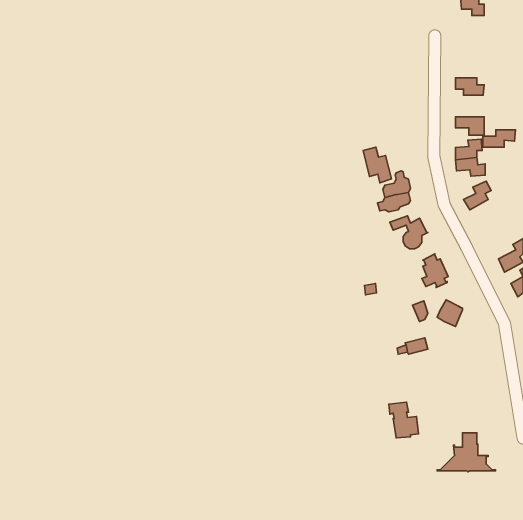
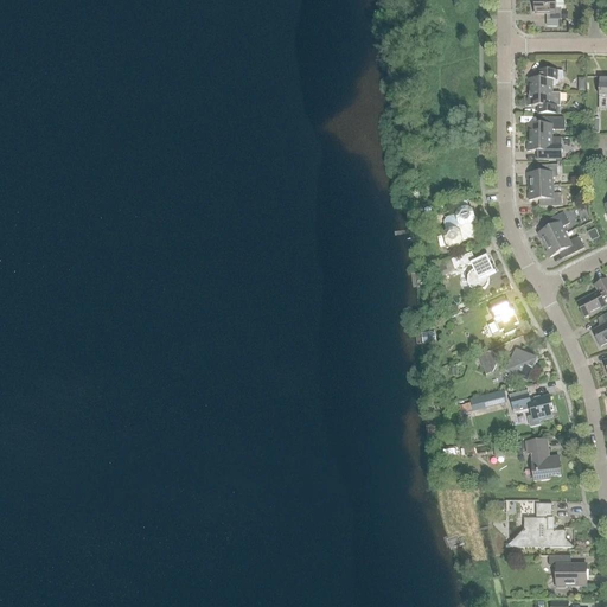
building: none -> [528,68,563,90]
building: [483,130,515,147] -> [528,115,566,135]
building: [363,147,391,183] -> none
building: none -> [544,231,584,255]
building: none -> [510,388,552,422]
building: [389,402,419,438] -> [526,437,561,479]
building: none -> [556,562,587,586]

